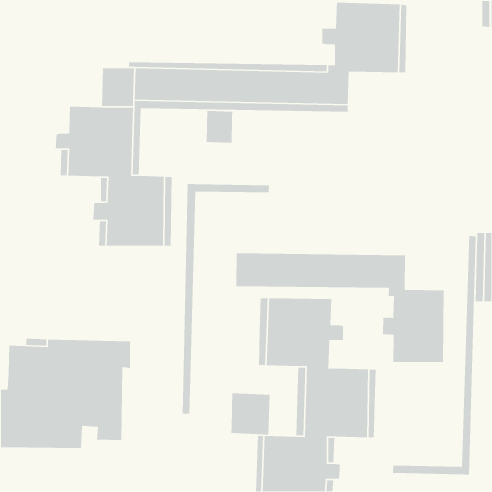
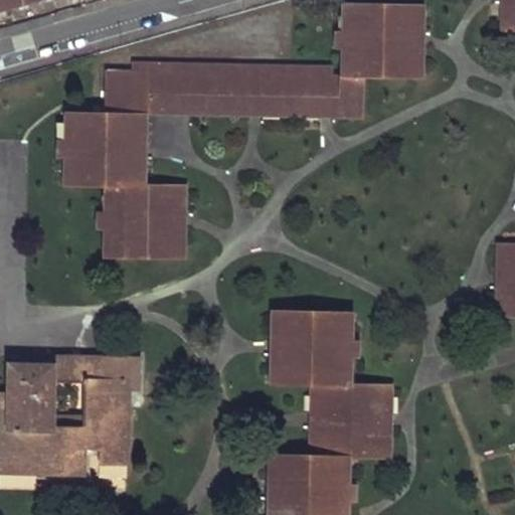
building: [206,110,233,144] -> none
building: [182,183,270,414] -> none
building: [392,235,476,475] -> none
building: [236,252,444,363] -> none
building: [231,392,270,435] -> none

